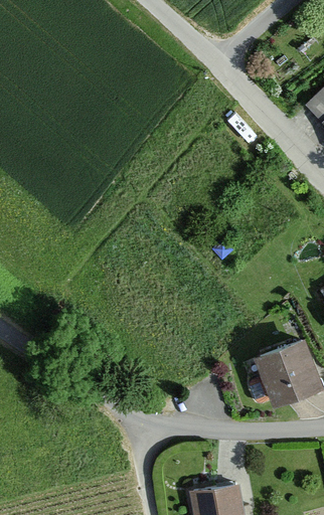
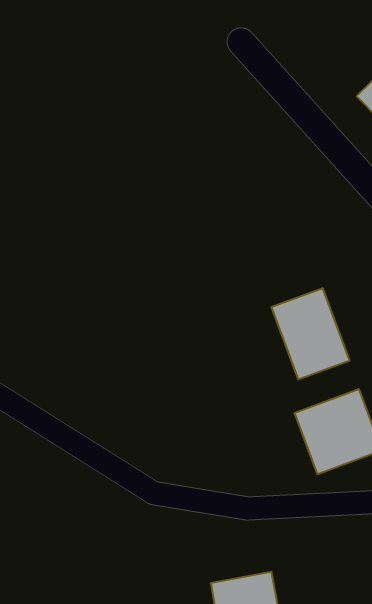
building: none -> [271,288,349,380]

